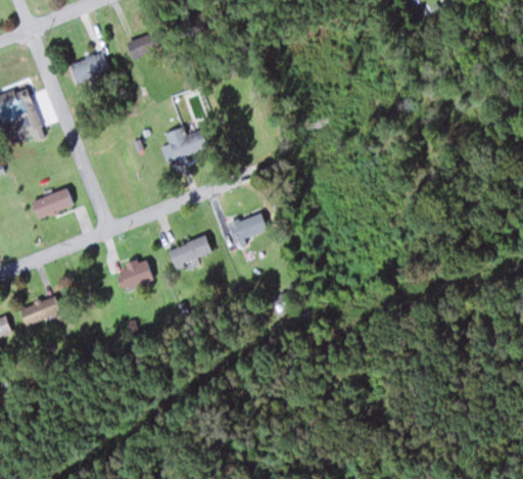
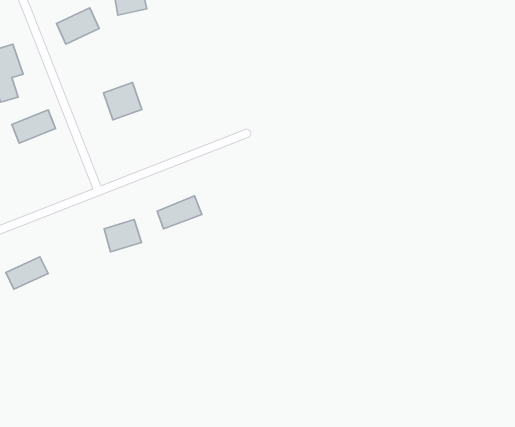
building: [165,123,203,159] -> [104,82,142,120]
building: [31,187,74,220] -> [12,110,56,143]
building: [227,213,268,247] -> none

